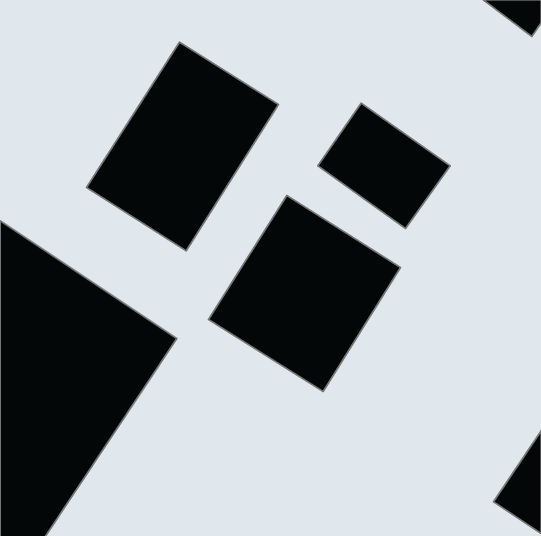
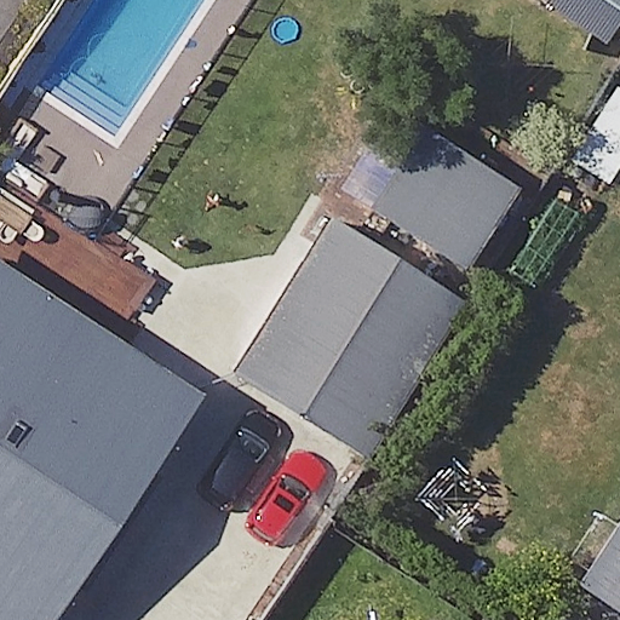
building: [87,42,279,251] -> none

